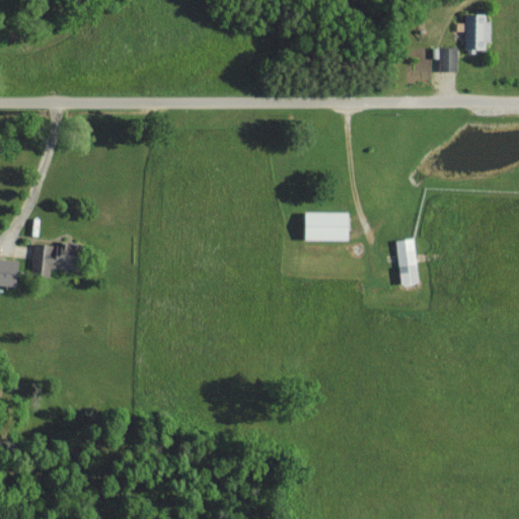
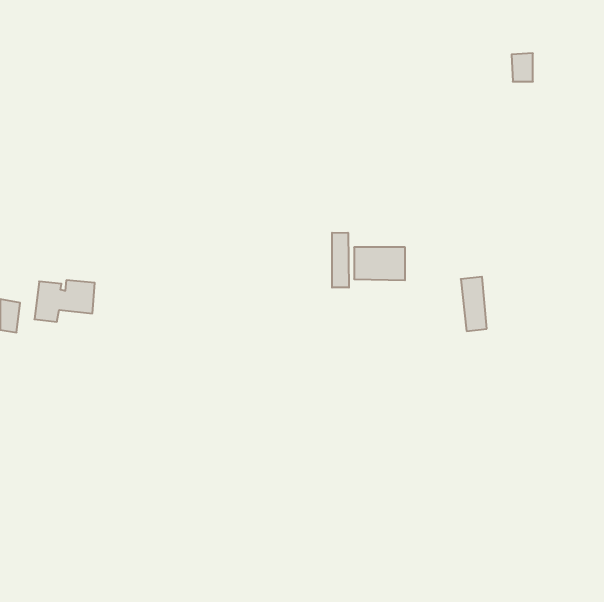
building: [464,15,491,51] -> none
building: none -> [332,233,349,288]

